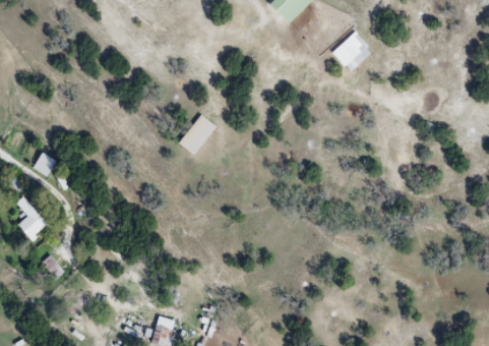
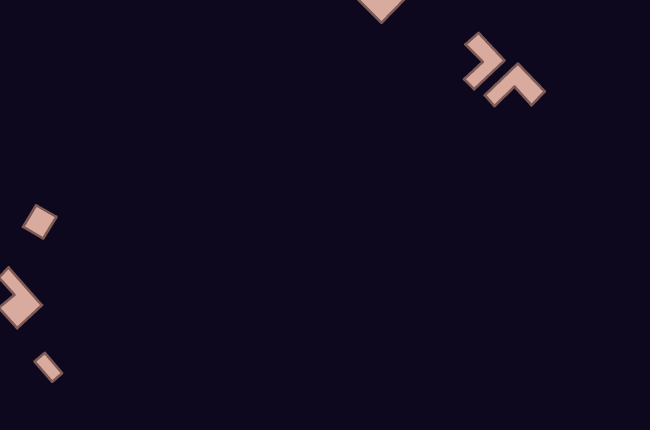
building: none -> [485,64,545,106]
building: [177,113,216,154] -> none

